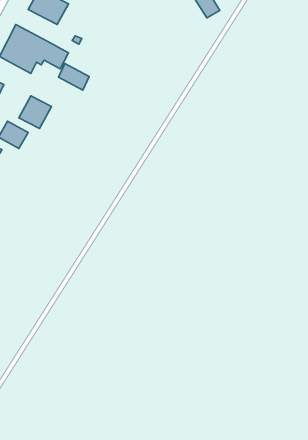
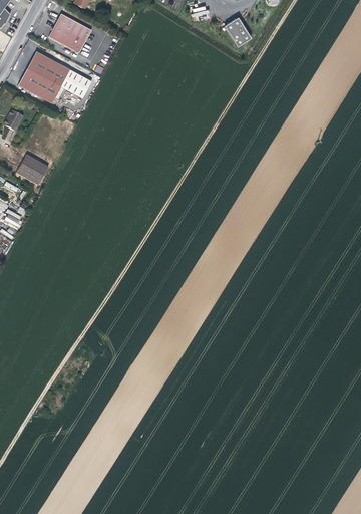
building: [58,64,89,90] -> none
building: [19,96,52,129] -> none

